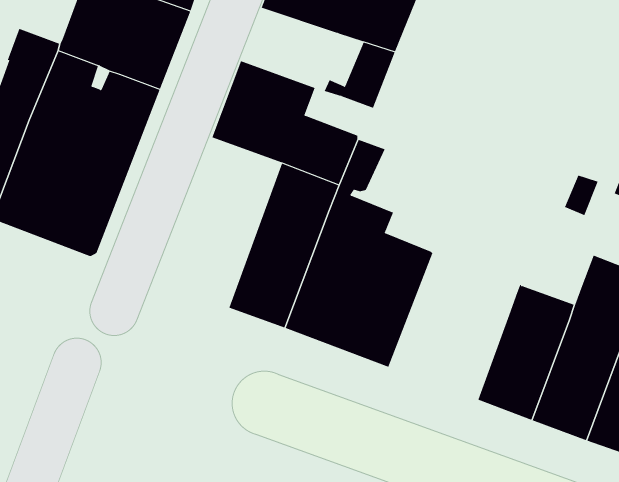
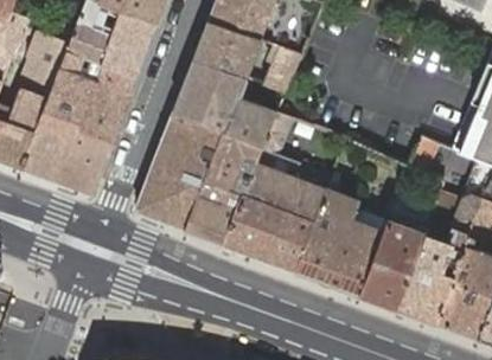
building: none -> [193,19,261,75]
building: none -> [135,109,222,227]
building: none -> [296,189,385,291]

